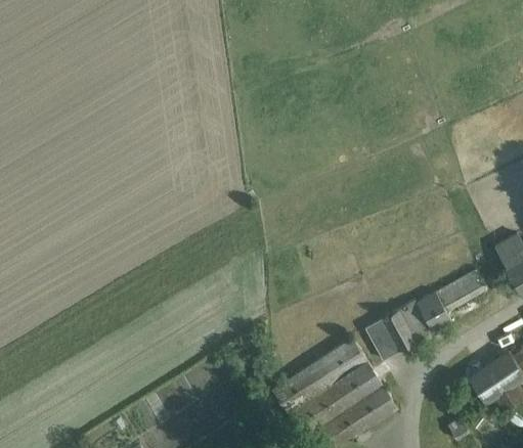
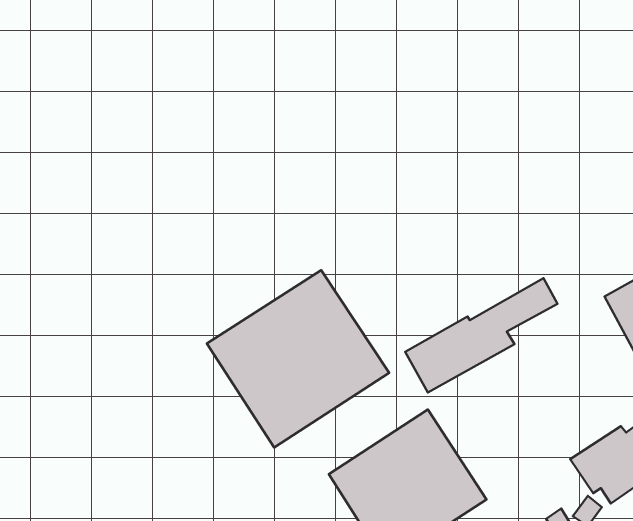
building: none -> [207,270,389,447]
building: [364,268,487,360] -> [405,278,558,393]

